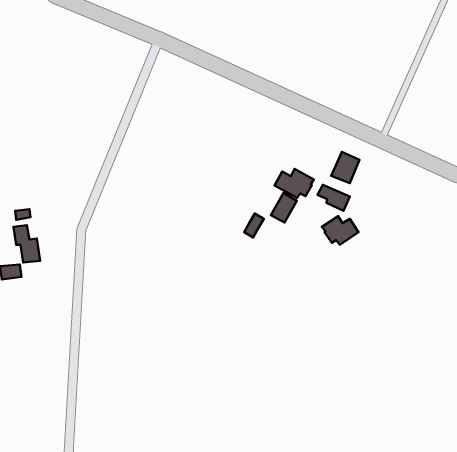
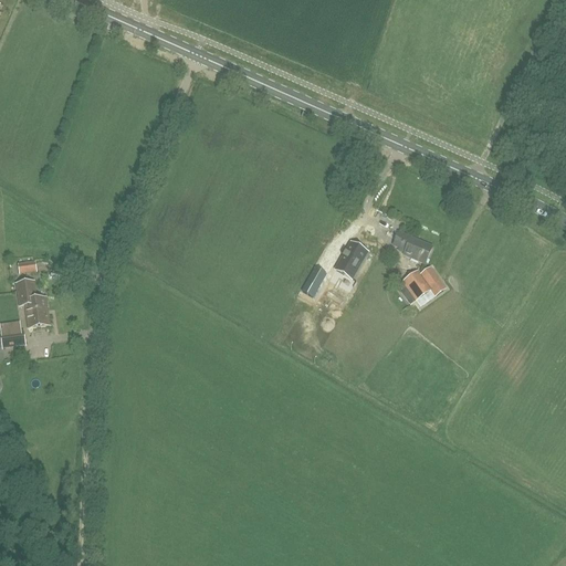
building: [331,152,359,183] -> none
building: [275,169,314,198] -> none

